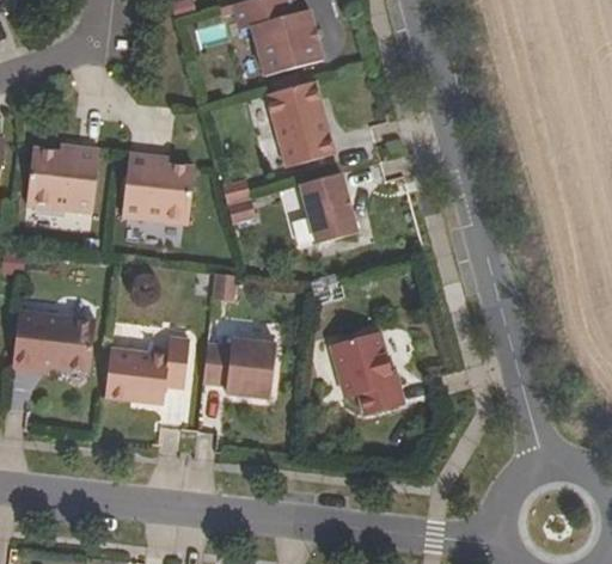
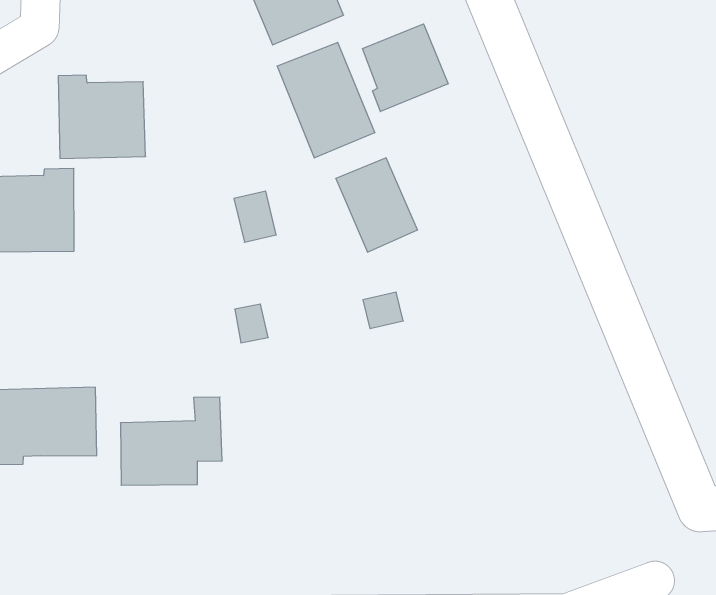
building: none -> [362,24,448,112]
building: [123,153,195,223] -> [58,75,146,158]
building: [331,331,404,415] -> none
building: [202,339,276,398] -> none

